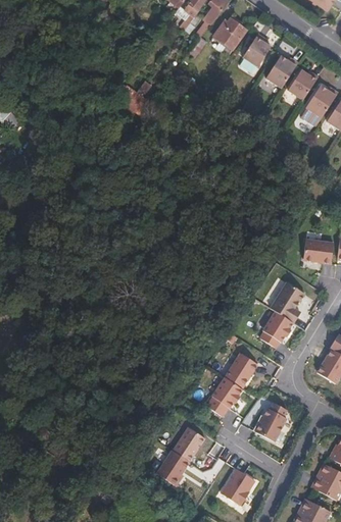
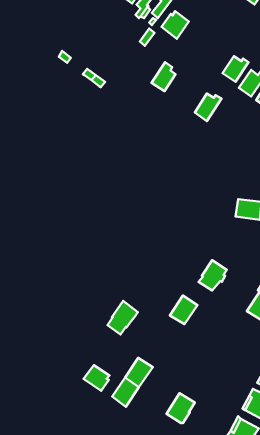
building: [242,34,271,68] -> [151,62,176,91]
building: [265,57,297,90] -> [195,93,222,121]
building: [270,282,304,323] -> none
building: [206,377,242,417] -> [108,301,138,335]
building: [254,403,286,441] -> none
building: none -> [84,365,109,391]

